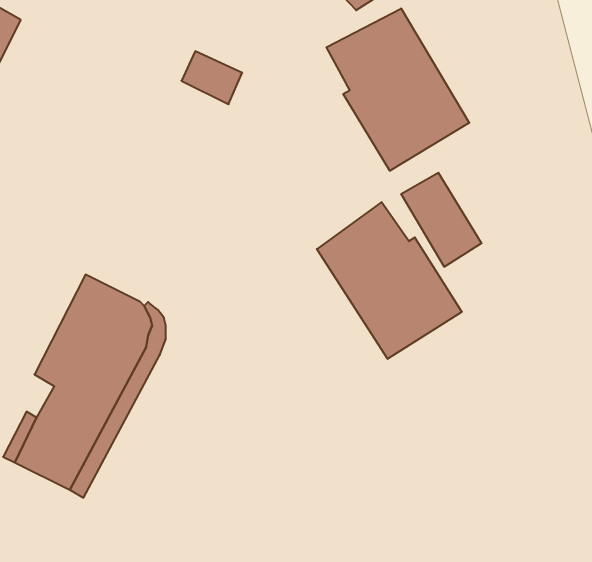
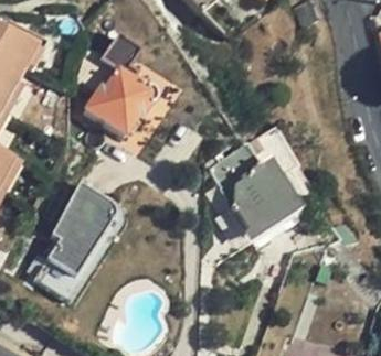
building: [326,8,469,171] -> none
building: none -> [76,37,151,136]

